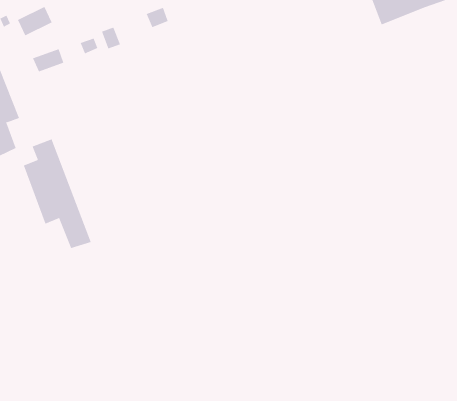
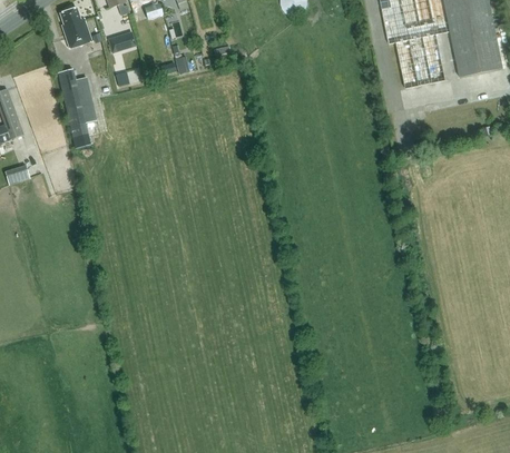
building: [23,138,92,249] -> none

